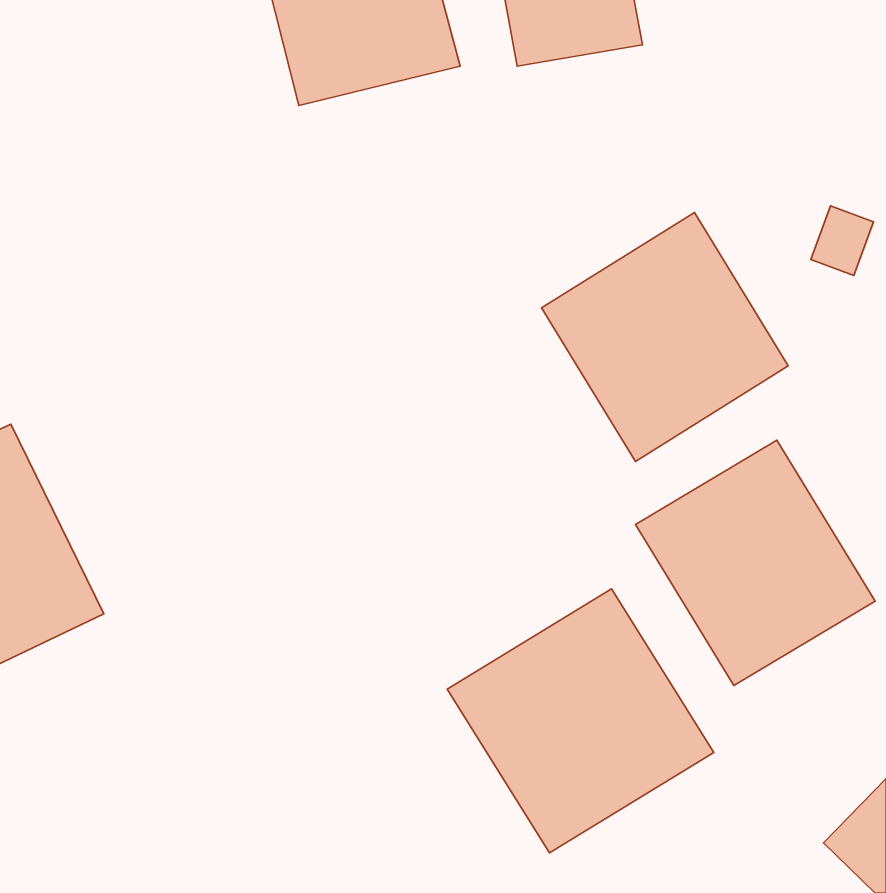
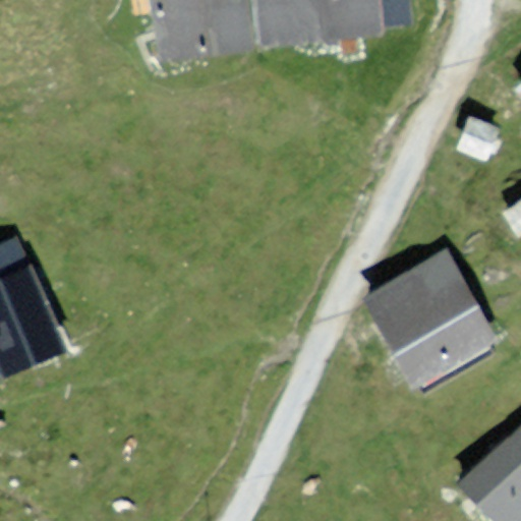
building: [542,212,788,461] -> none
building: [447,589,714,853] -> none

